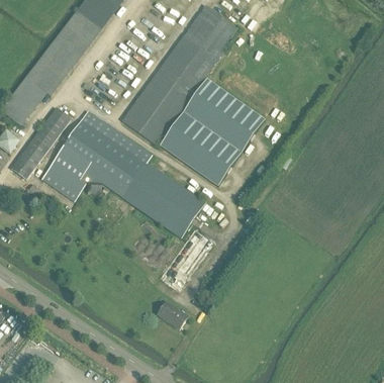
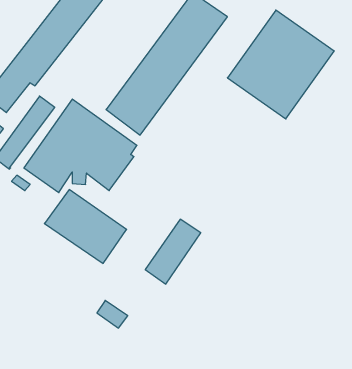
building: [159,78,264,185] -> [227,10,334,119]
building: [123,166,204,238] -> [44,190,127,263]
building: [157,301,187,328] -> [97,300,128,328]

